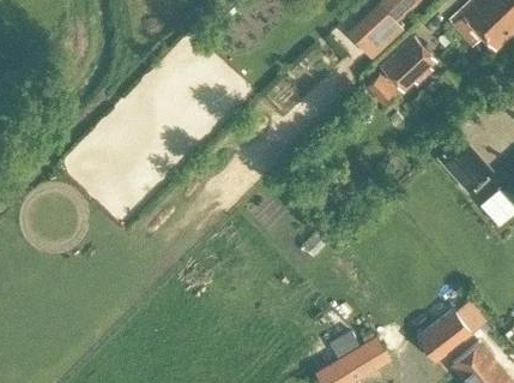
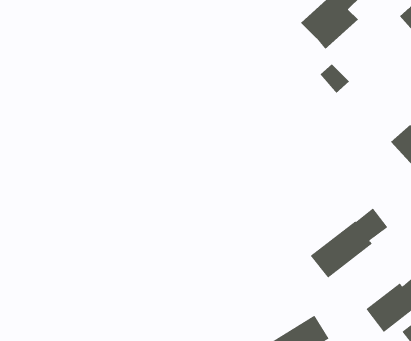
building: [382,37,437,90] -> none
building: none -> [310,208,388,278]

